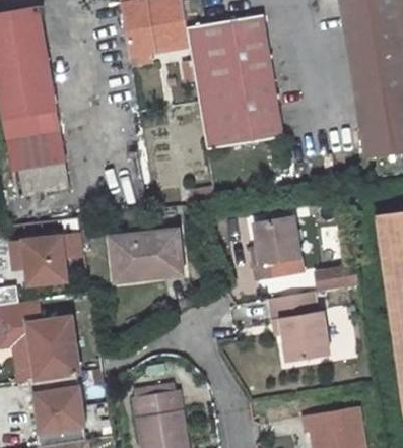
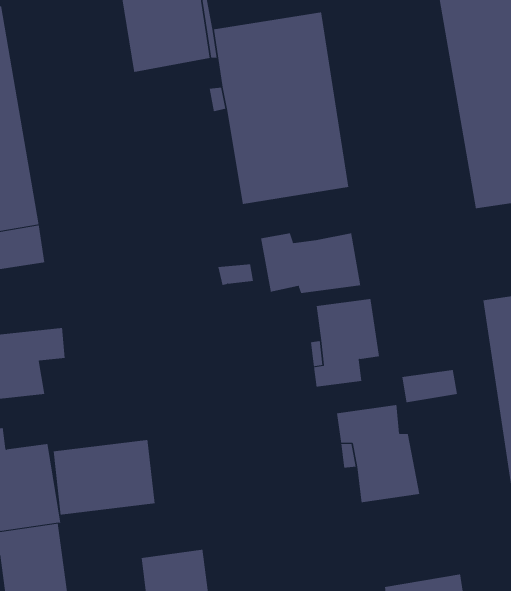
building: none -> [260,233,361,294]
building: [109,232,181,284] -> [53,440,155,515]

